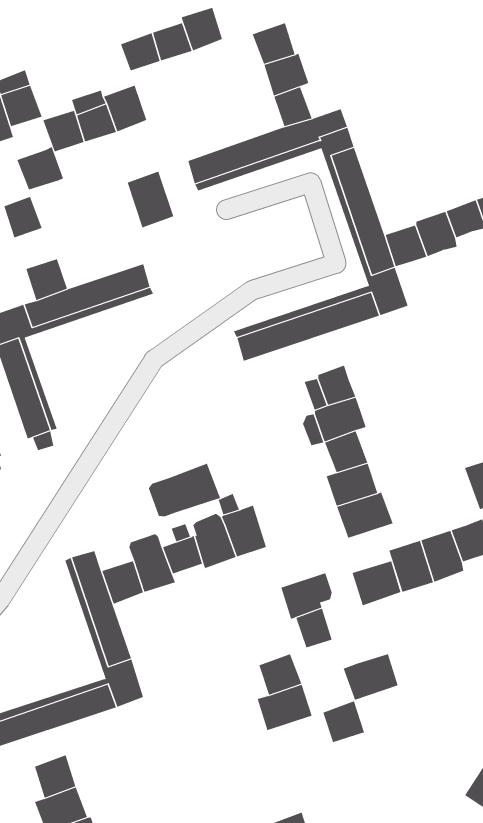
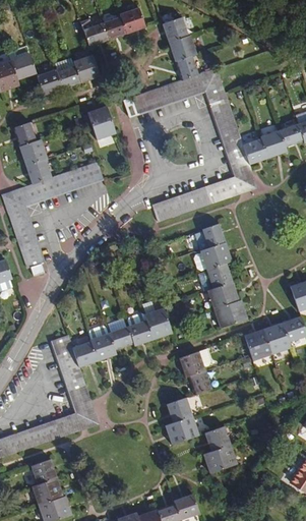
building: [17,146,64,190] -> [19,138,48,165]
building: [148,463,221,517] -> none
building: [352,560,401,606] -> none
building: [343,653,398,701] -> [203,445,237,473]

